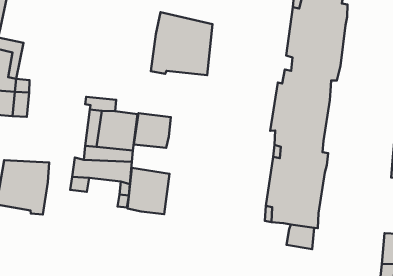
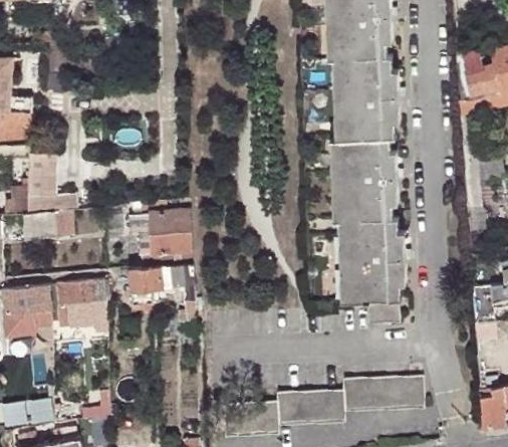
building: [151,12,212,75] -> none
building: [134,113,171,148] -> none
building: [128,168,169,214] -> none

